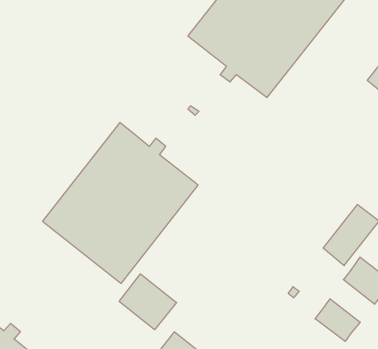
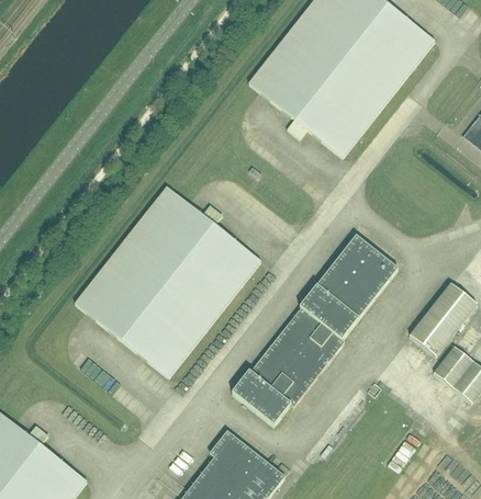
building: none -> [232,235,398,424]
building: [119,274,177,330] -> none
building: [315,299,360,341] -> none

